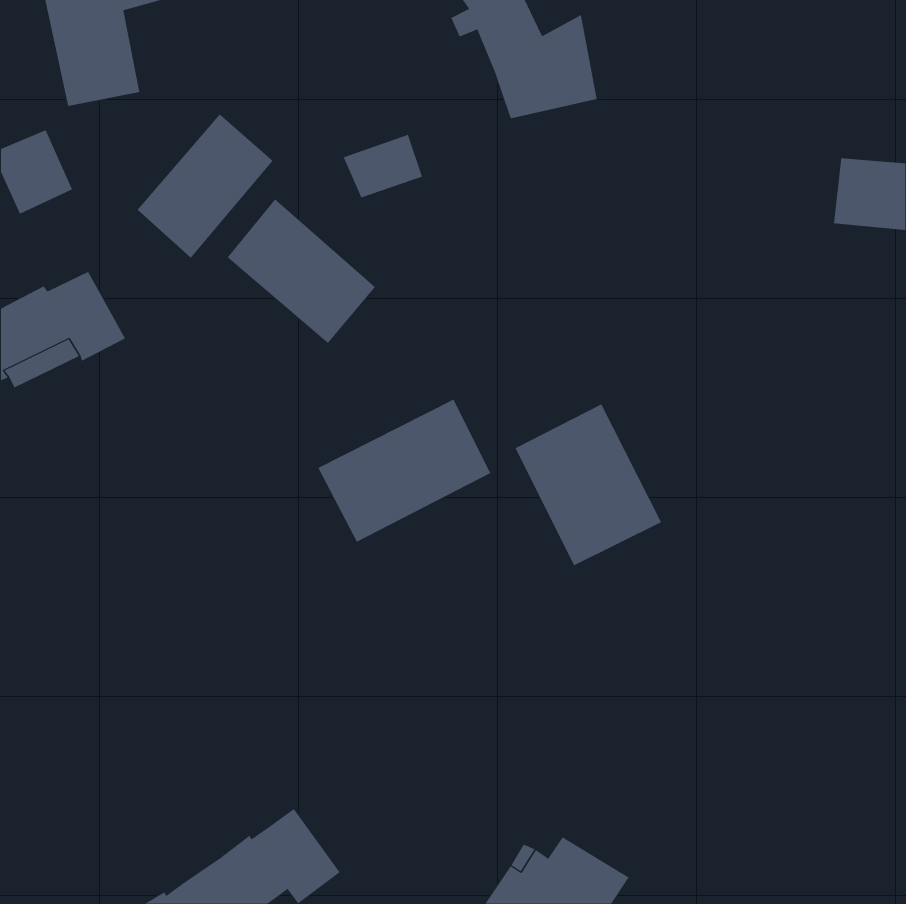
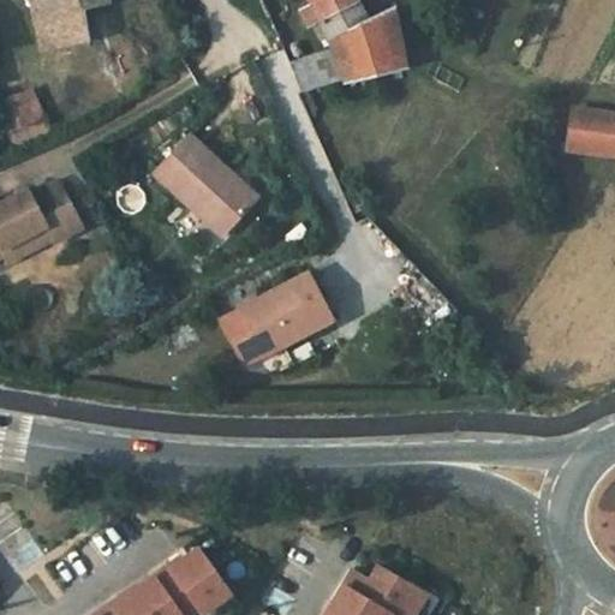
building: [137,113,274,259] -> none
building: [343,134,423,198] -> [291,49,345,92]
building: [515,403,662,566] -> none

